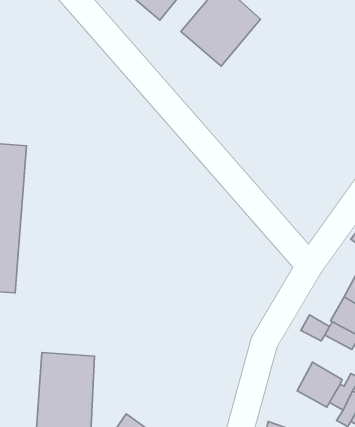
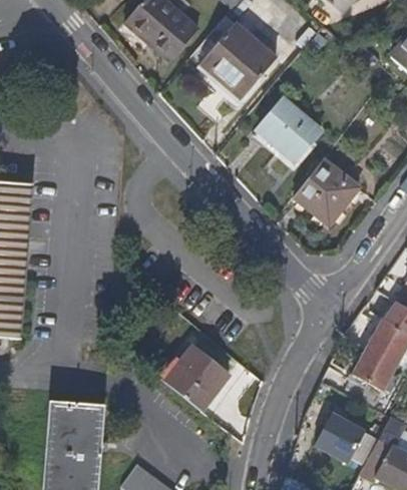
building: none -> [255,98,323,167]
building: none -> [298,156,365,223]
building: none -> [163,345,229,410]

